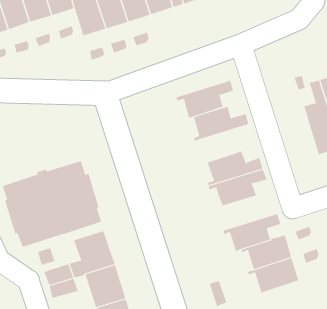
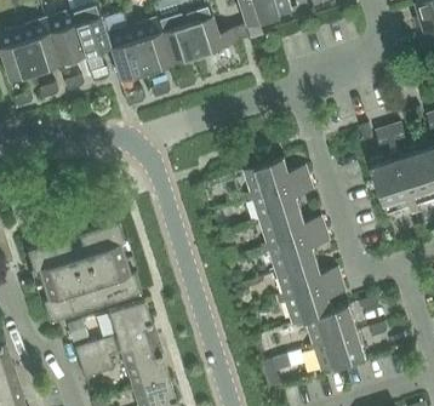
building: [176,80,234,118] -> [246,179,313,223]
building: none -> [278,261,342,301]

